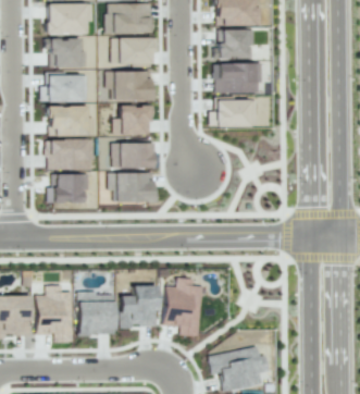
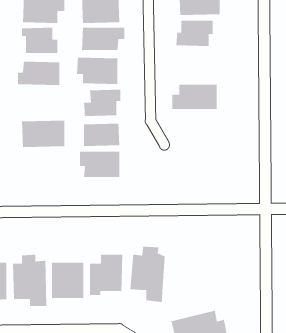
building: [216,63,263,94] -> none
building: [50,107,96,136] -> none
building: [48,174,90,204] -> none

